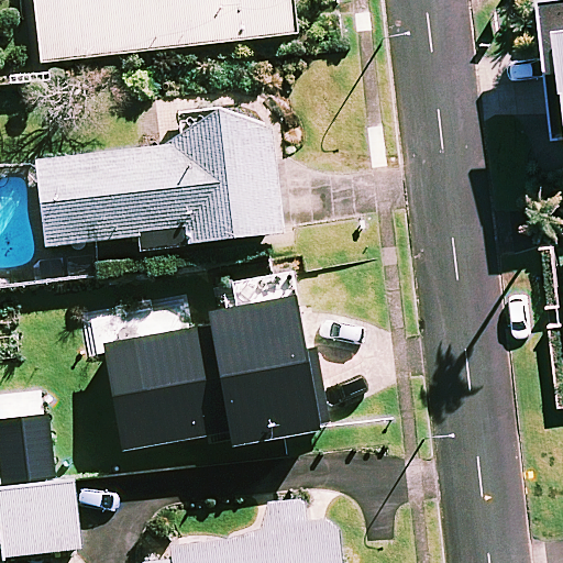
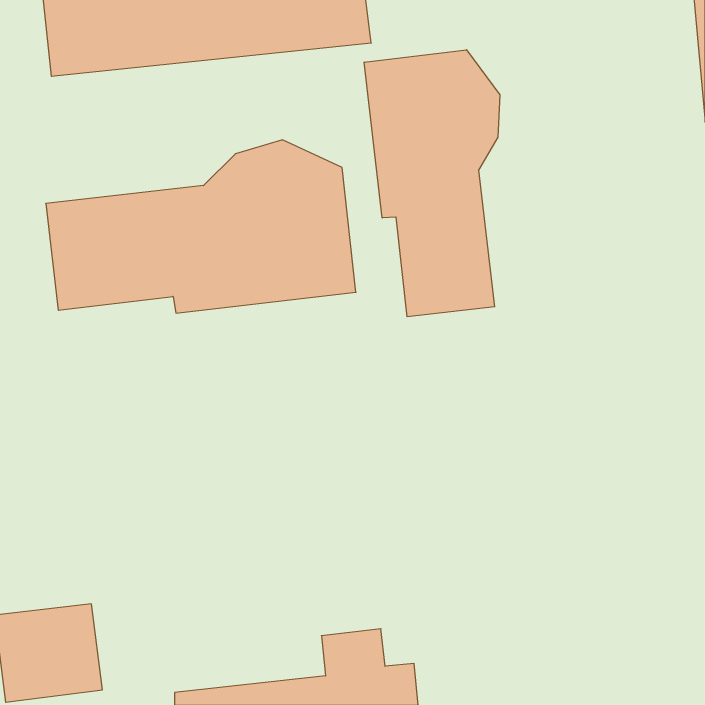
building: none -> [364,50,500,317]
building: [137,296,318,445] -> none

